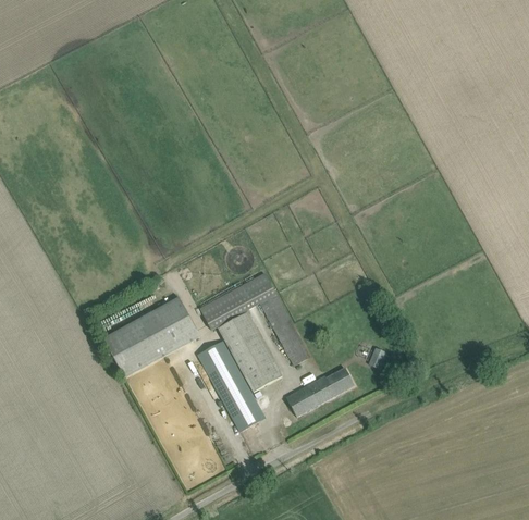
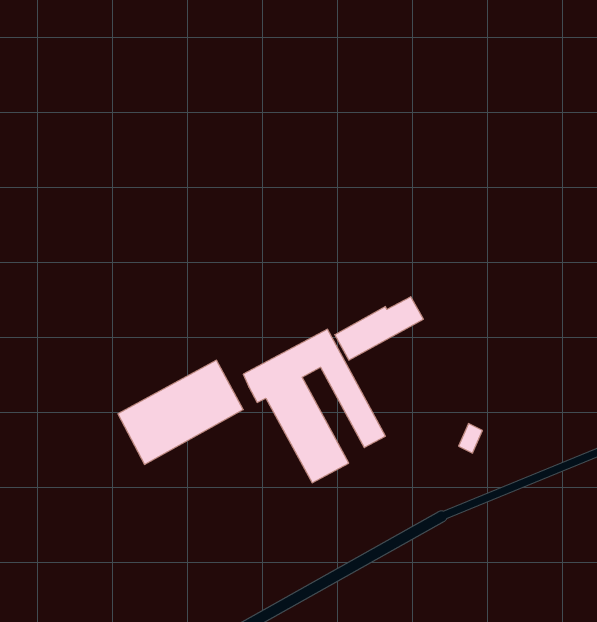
building: [198,341,266,431] -> none
building: [286,368,355,417] -> [335,297,423,360]

